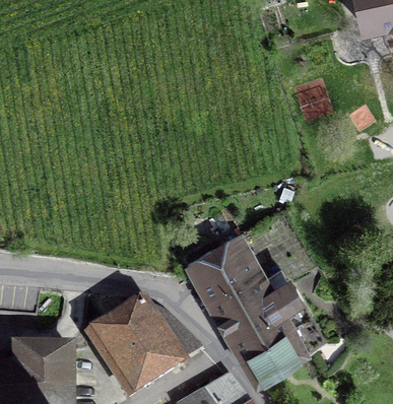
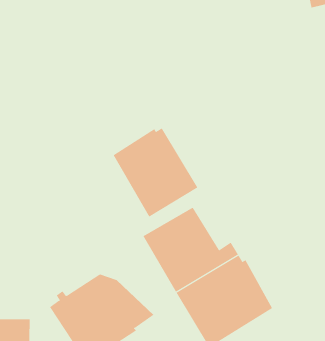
building: none -> [113,127,198,217]

